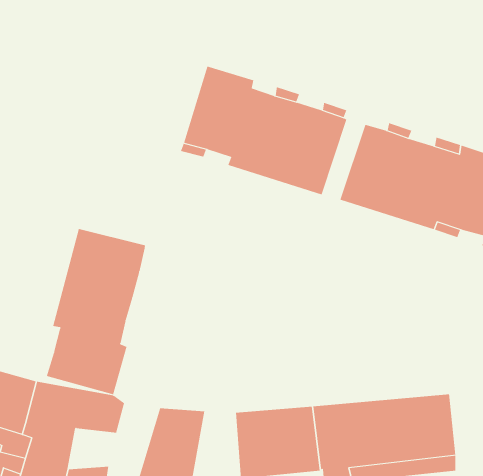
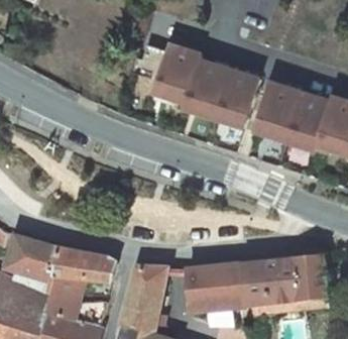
building: [46,228,146,395] -> none

